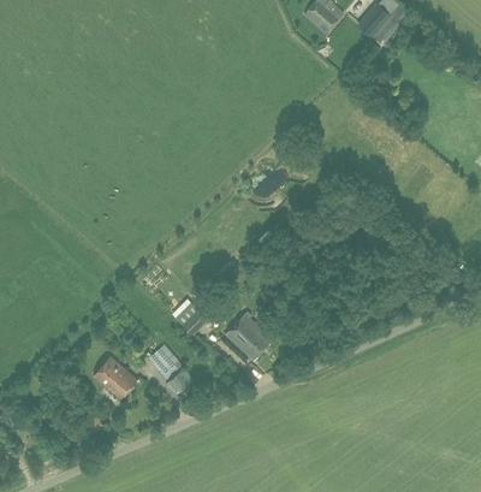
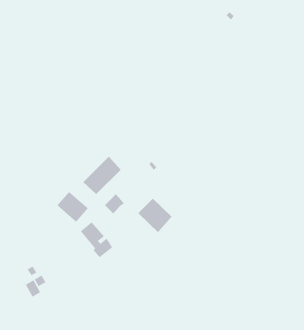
building: none -> [83,156,121,195]
building: [94,356,137,398] -> [56,191,89,223]

